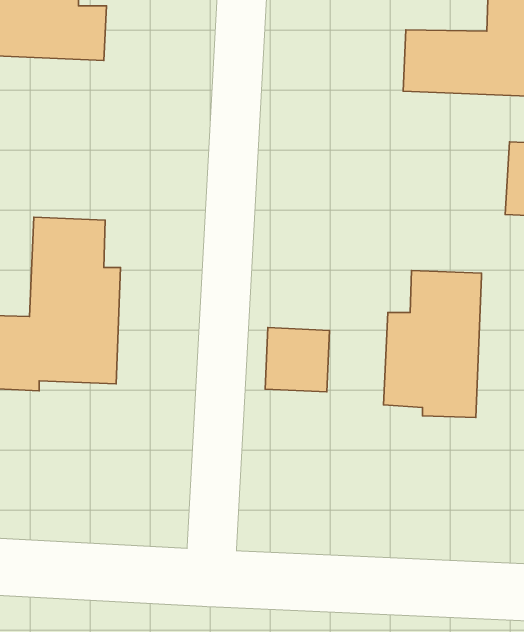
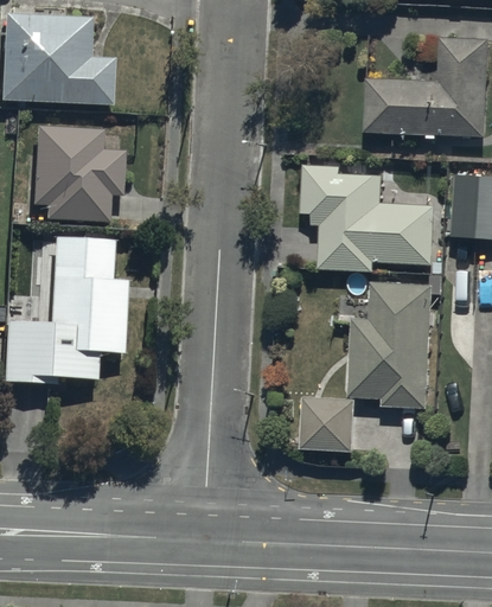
building: none -> [31,126,123,223]
building: none -> [301,162,433,269]
building: [265,328,329,392] -> [301,397,356,452]

